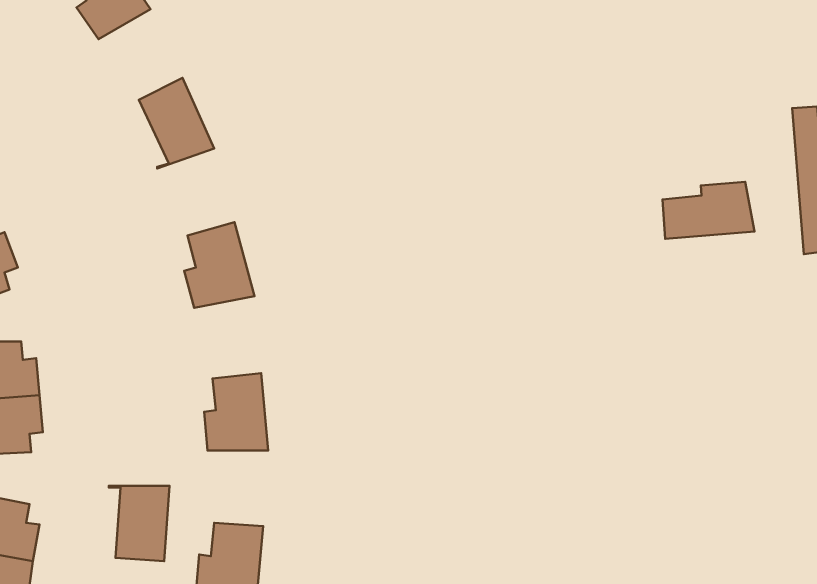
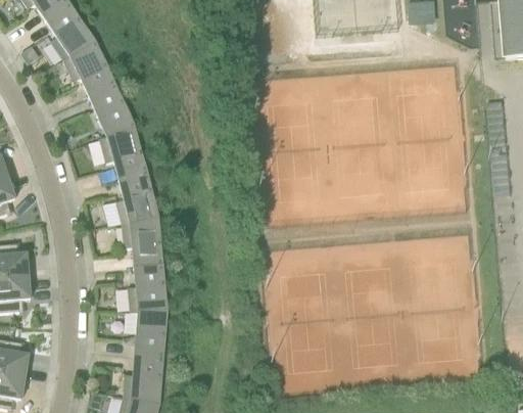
building: none -> [63,41,114,96]
building: none -> [99,126,146,179]
building: [663,182,754,239] -> none
building: none -> [122,216,162,266]
building: [109,486,169,561] -> [130,310,167,356]

